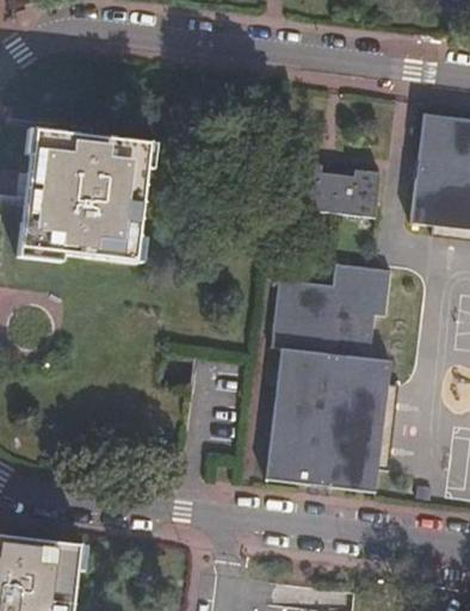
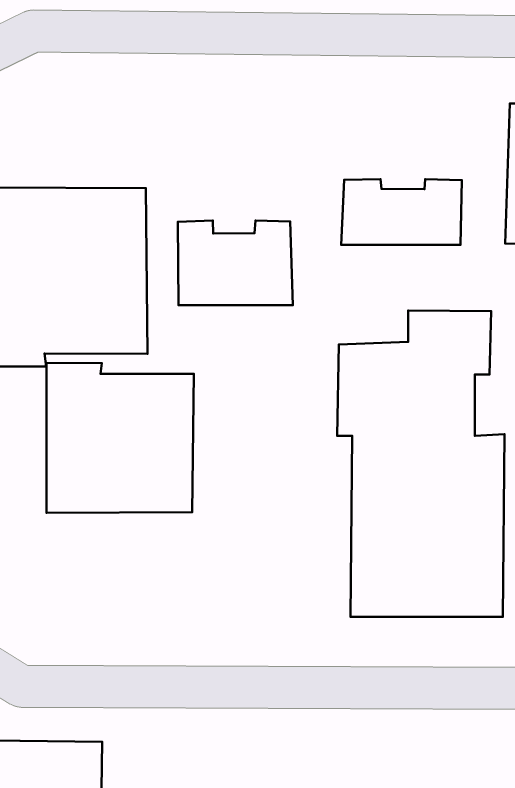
building: none -> [178,221,293,305]
building: none -> [46,363,194,513]

